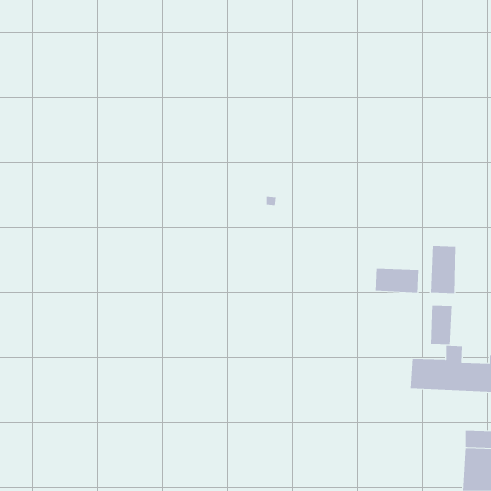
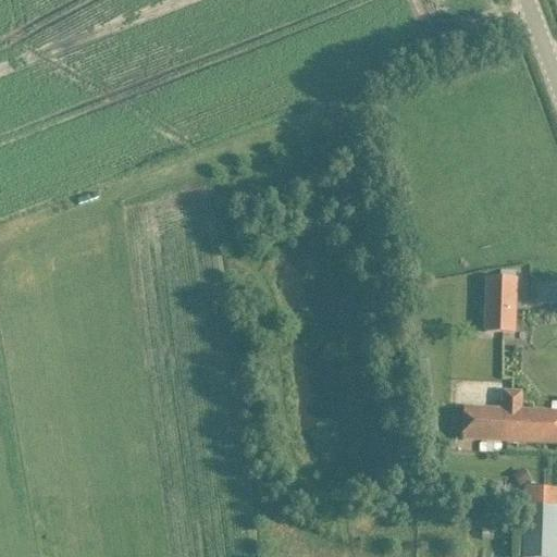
building: [375,268,419,294] -> none
building: [430,305,452,345] -> none

